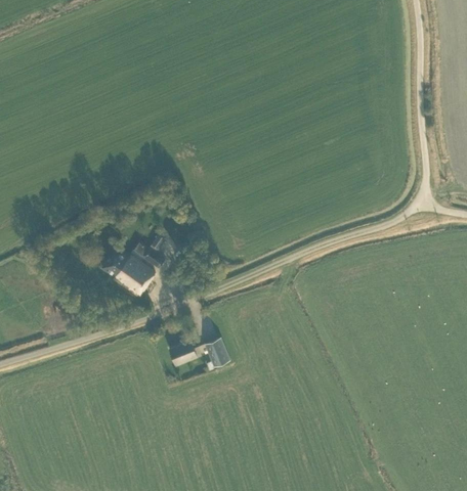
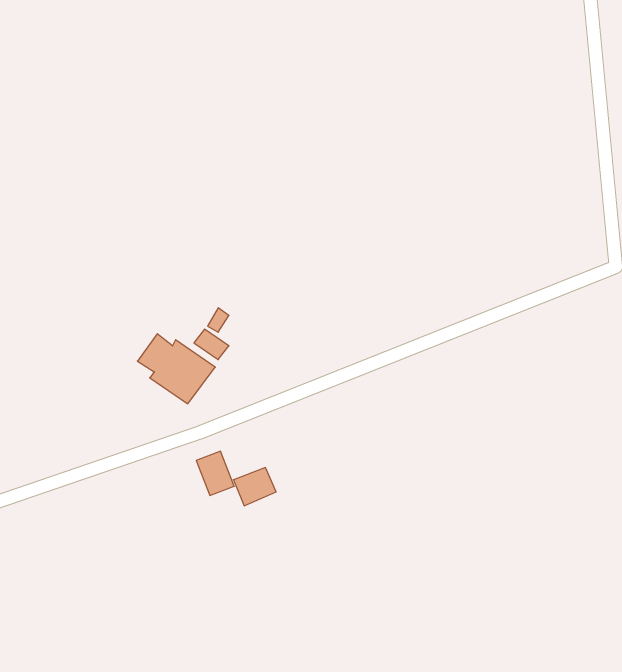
building: [205,337,230,366] -> [196,451,234,495]

